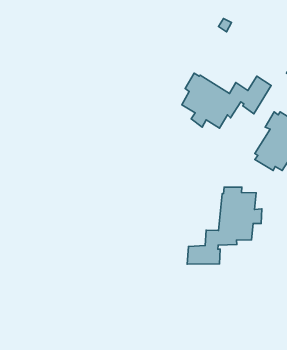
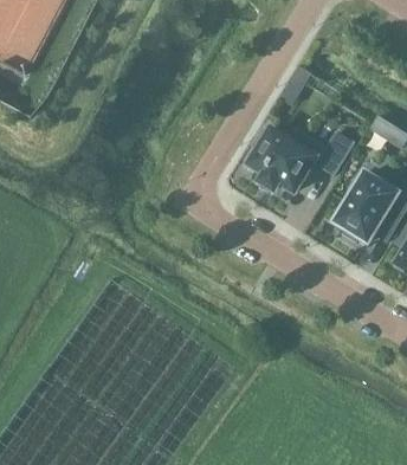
building: [187,187,262,264] -> none

